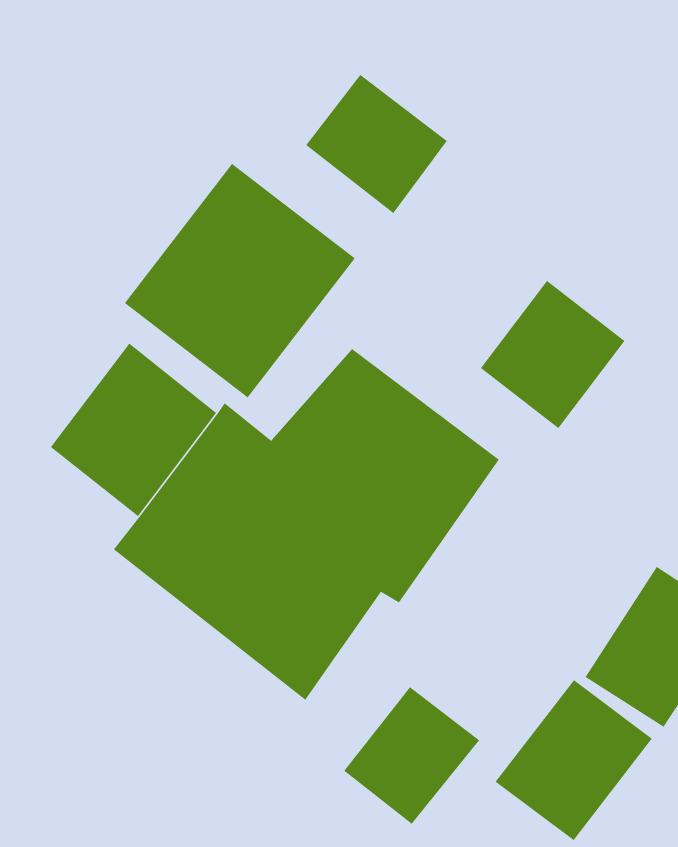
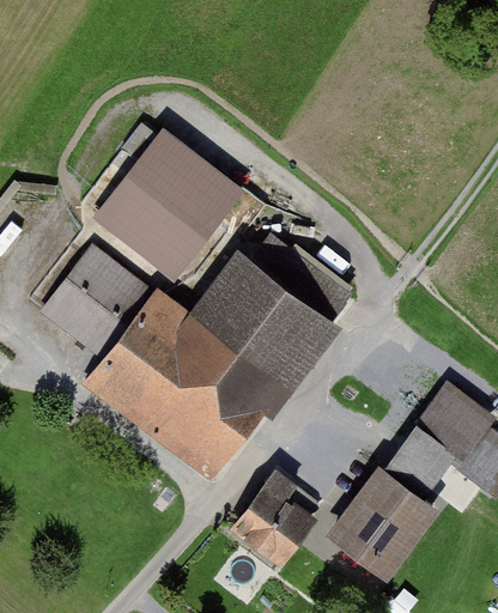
building: [305,74,448,214] -> none
building: [480,280,625,429] -> none

